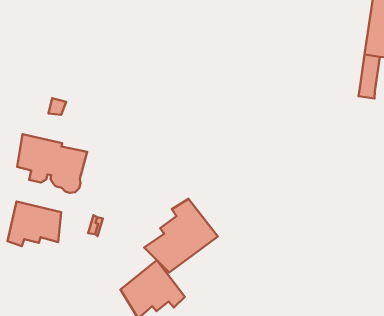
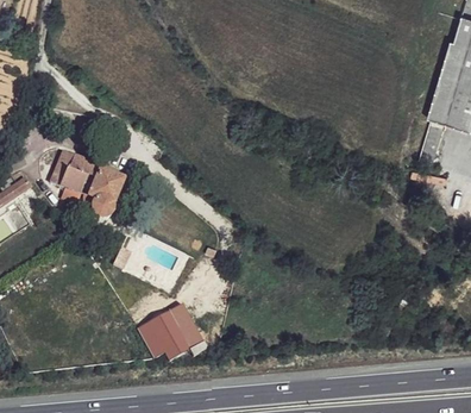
building: [144,199,218,273] -> none
building: [8,201,61,246] -> none

